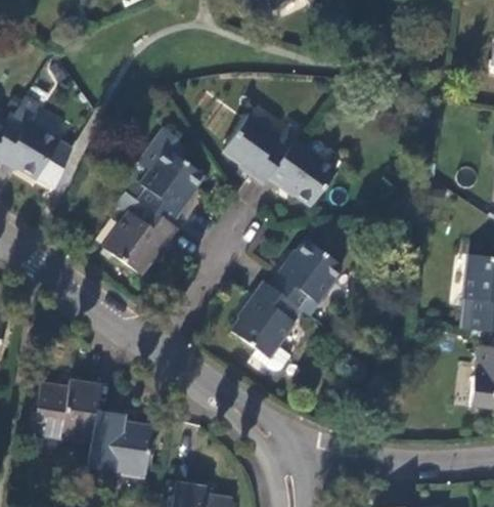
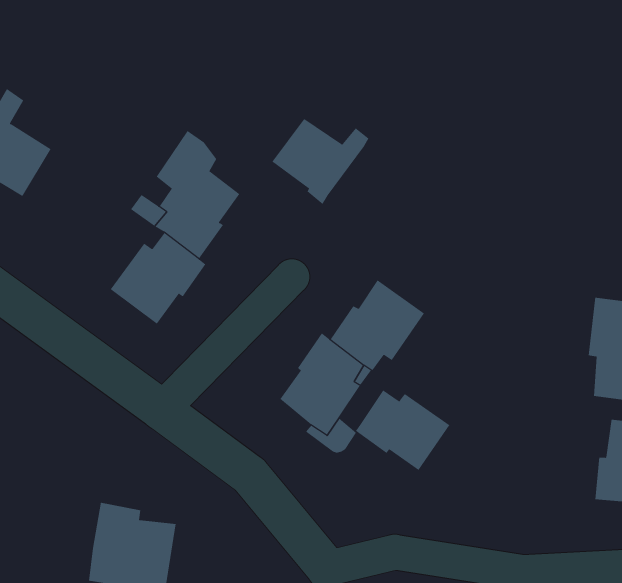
building: [269,141,336,206] -> none
building: none -> [355,389,450,471]
building: [35,380,100,443] -> none

